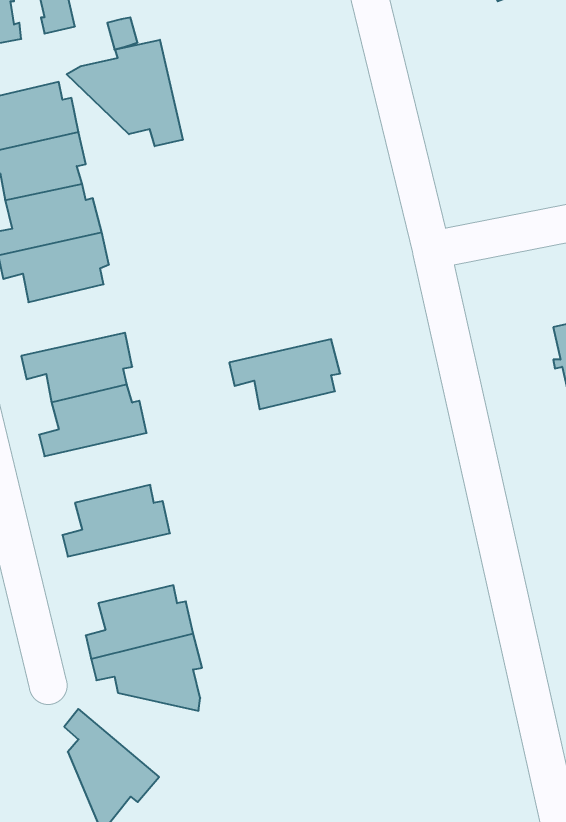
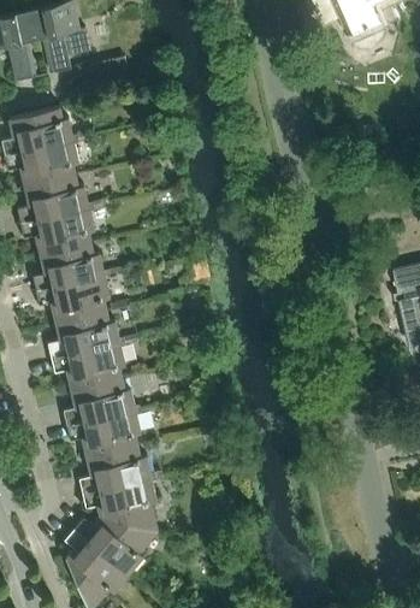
building: [67,40,183,146] -> none
building: none -> [32,242,106,290]
building: [229,339,340,409] -> [52,342,126,389]
building: none -> [67,409,142,456]
building: none -> [75,515,155,573]

